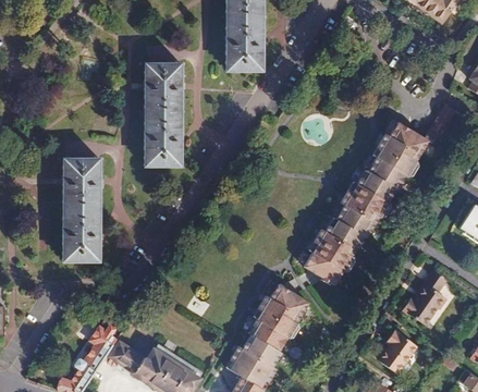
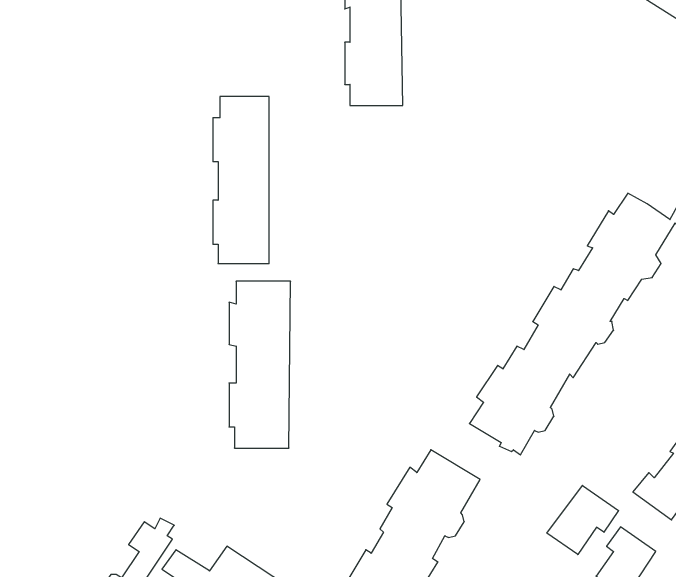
building: [60,160,98,264] -> [229,281,291,448]
building: none -> [547,485,619,555]

